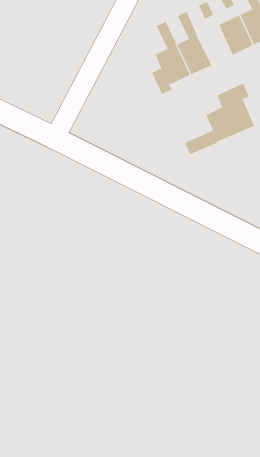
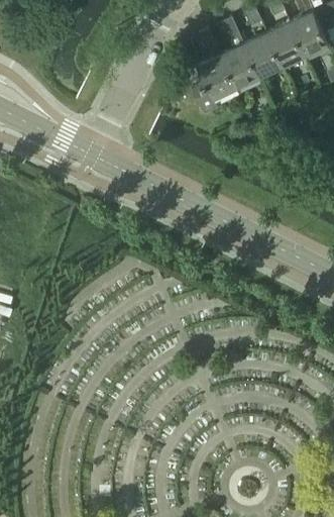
building: none -> [242,32,281,77]
building: [184,83,255,155] -> none

